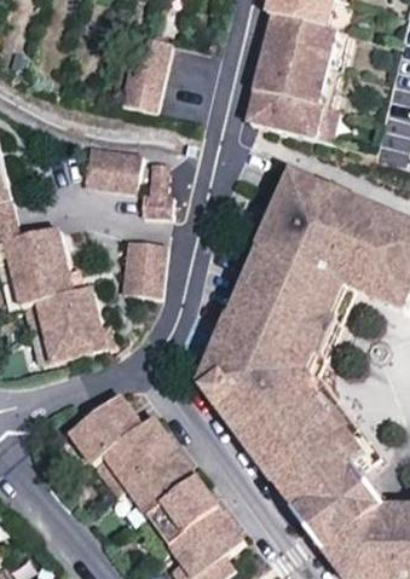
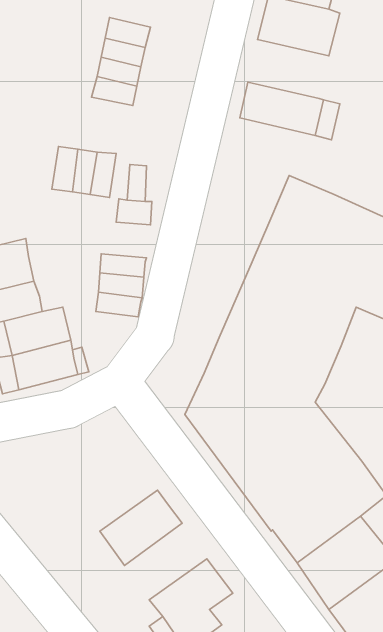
building: [254,51,325,103] -> none
building: [68,394,174,492] -> none
building: [145,476,218,544] -> none

